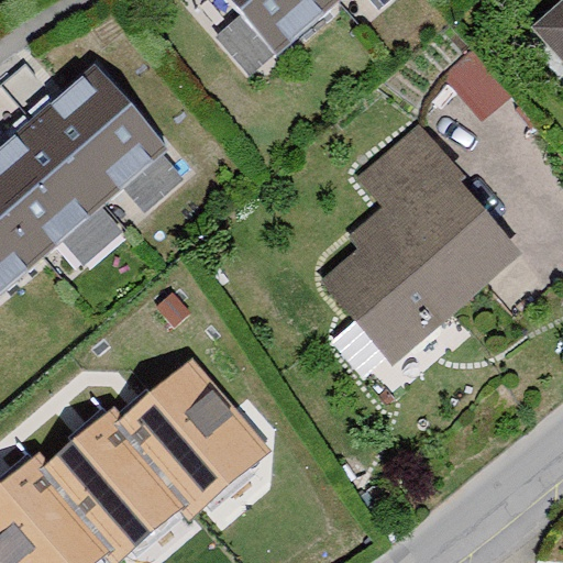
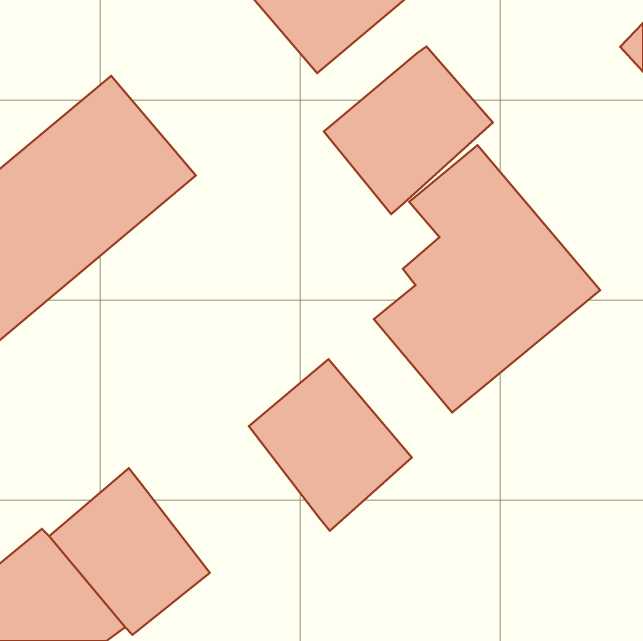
building: none -> [324,47,493,214]
building: [121,361,263,510] -> [249,359,412,531]

